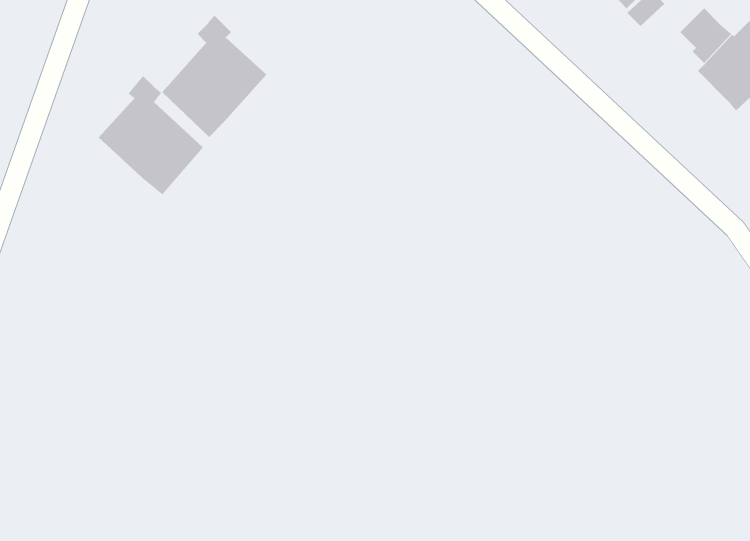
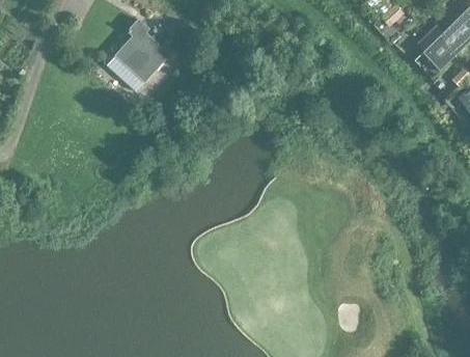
building: [98,75,204,196] -> none

